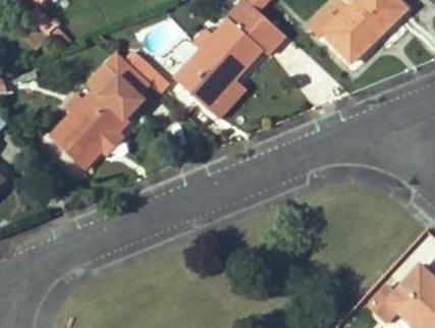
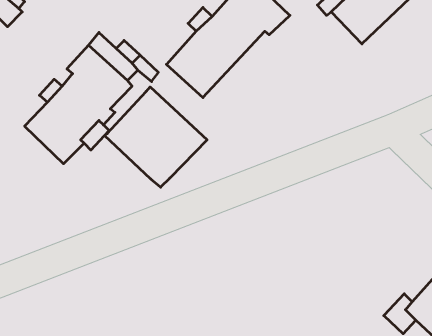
building: none -> [105,87,207,187]

